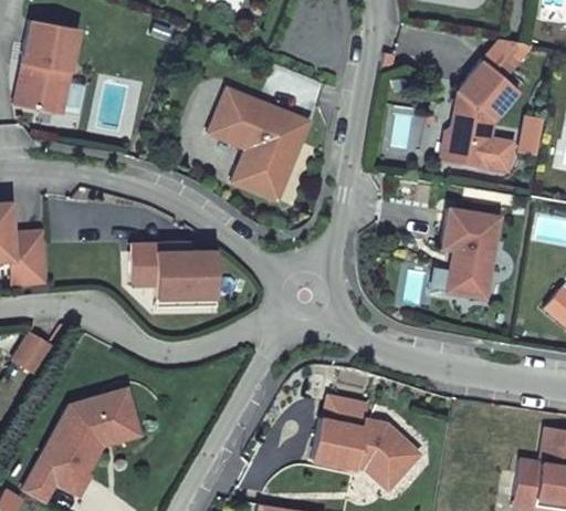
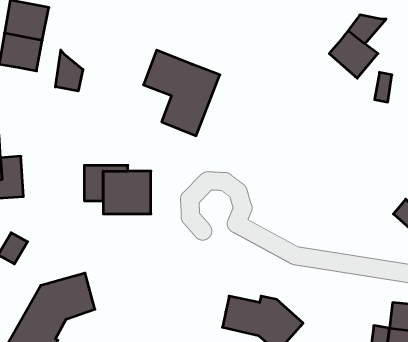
building: none -> [55,50,83,91]
building: [439,91,515,173] -> none
building: [442,207,502,299] -> none
building: [322,393,368,426] -> none

